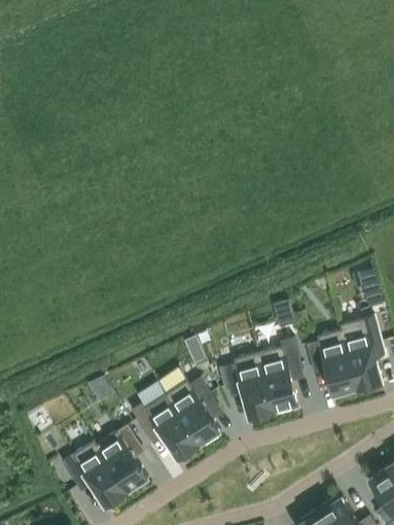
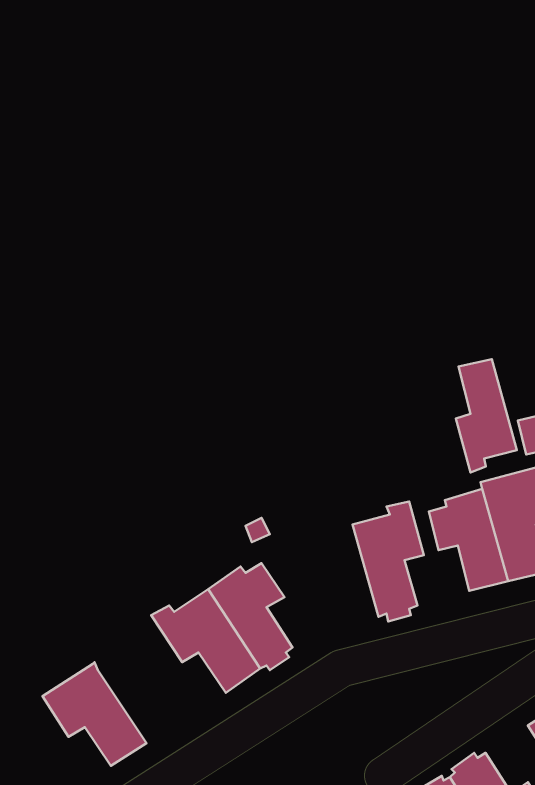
building: none -> [456,359,517,472]
building: [223,354,275,420] -> none
building: [97,426,148,493] -> none

